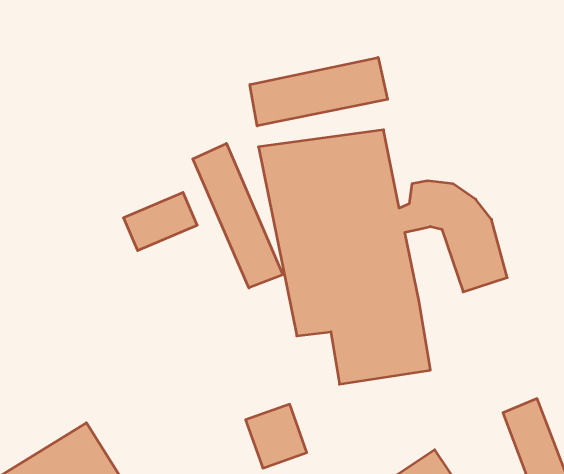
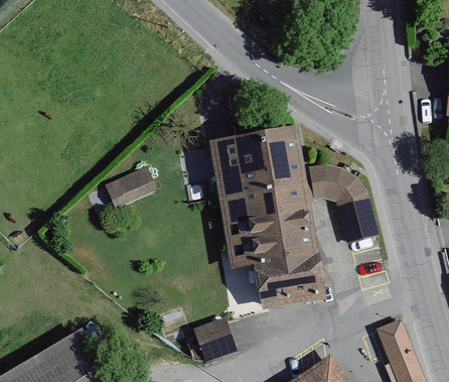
building: [250,57,388,126] -> none
building: [193,143,283,288] -> none

